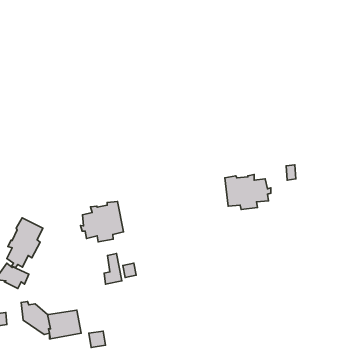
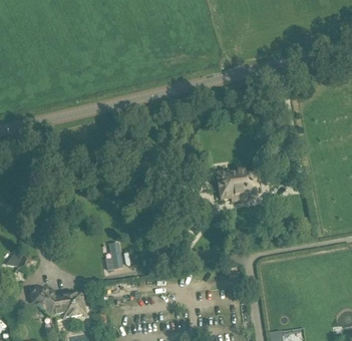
building: [80,201,124,242] -> none
building: [7,218,43,268] -> none

